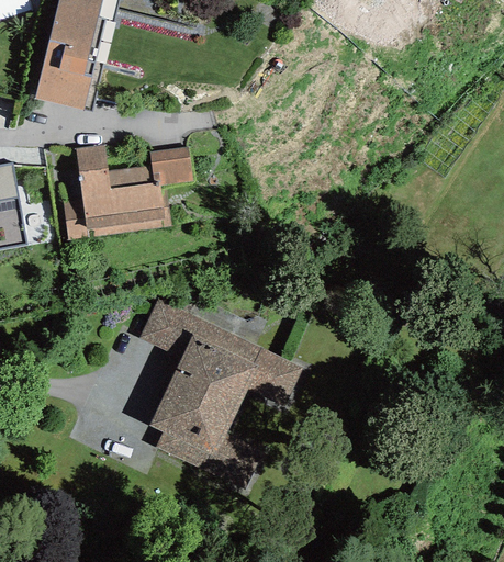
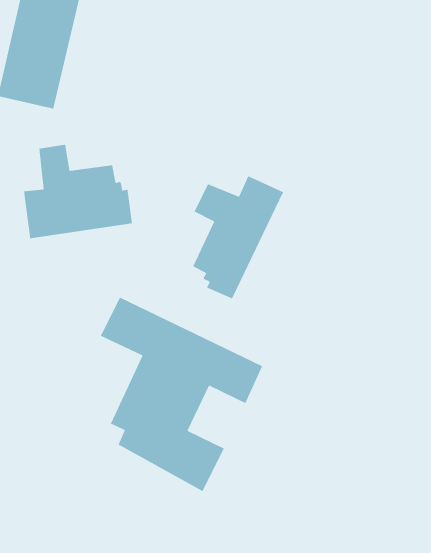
building: [149,145,192,183] -> none
building: none -> [192,175,284,300]

